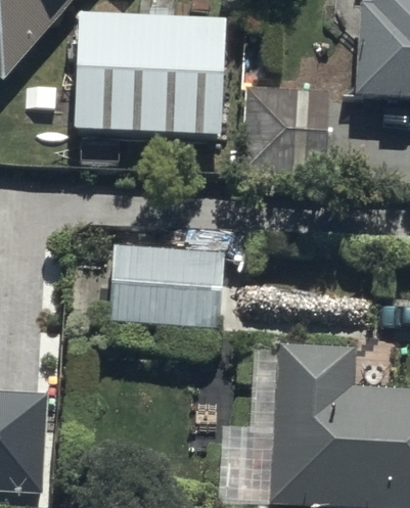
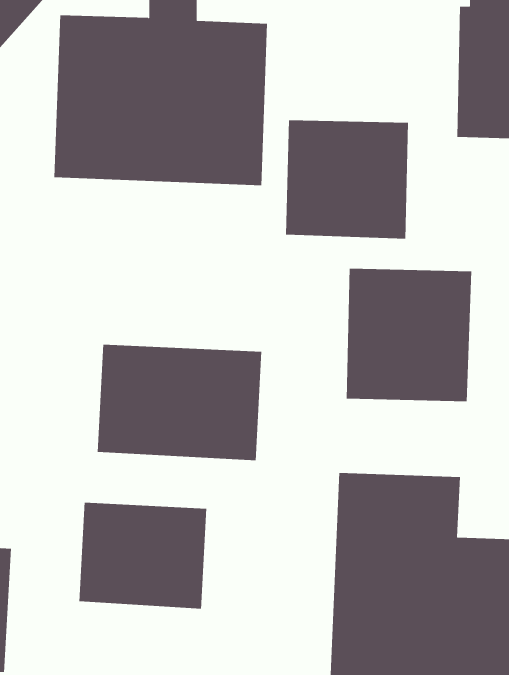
building: none -> [346,268,472,402]
building: none -> [79,502,207,609]

